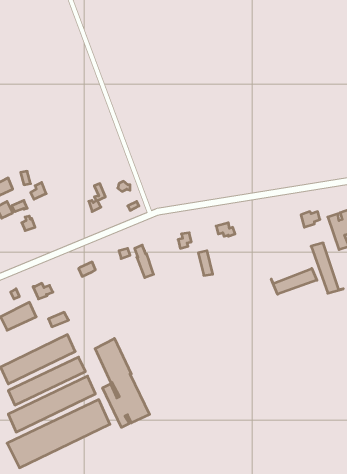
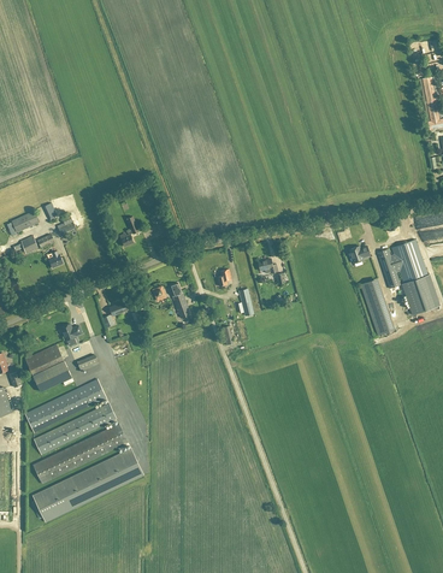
building: [271,268,317,294] -> none
building: none -> [31,361,70,392]
building: [95,338,150,427] -> none

